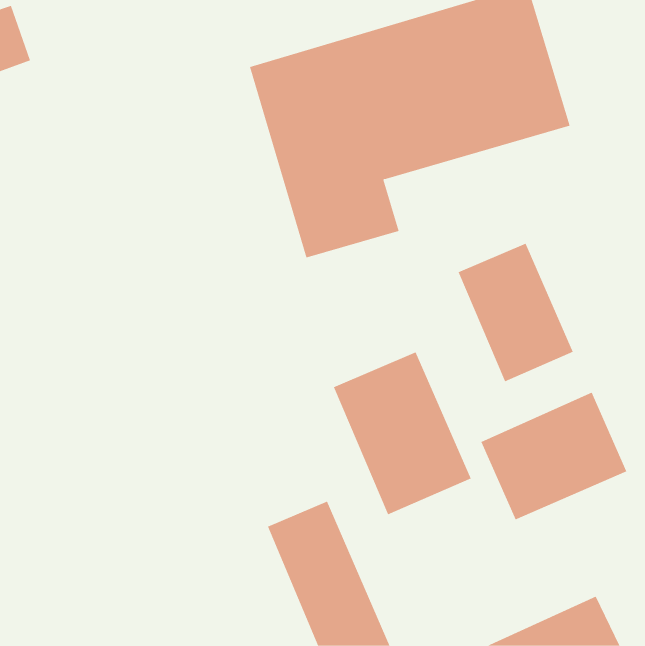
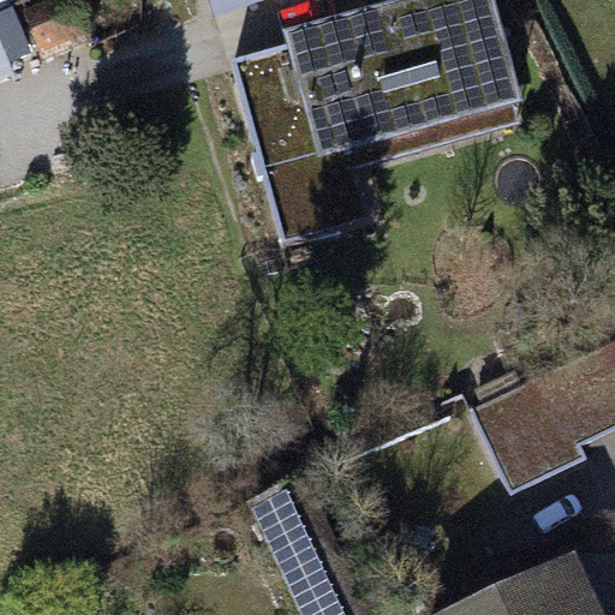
building: [458,243,573,382] -> none
building: [333,351,471,515] -> none

